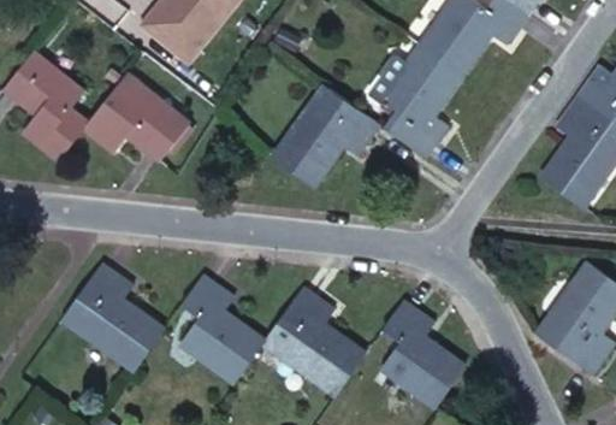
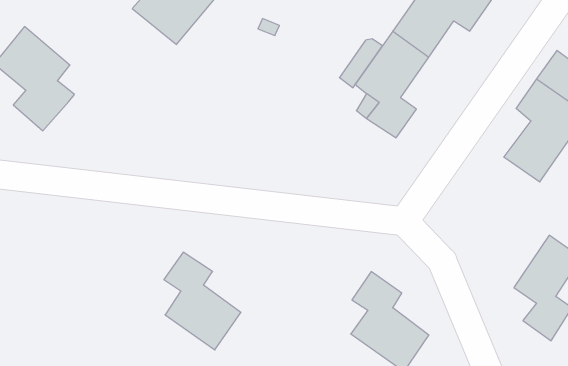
building: [78,78,191,155] -> none
building: [273,87,377,184] -> none
building: [78,265,162,372] -> none
building: [261,288,360,395] -> none

